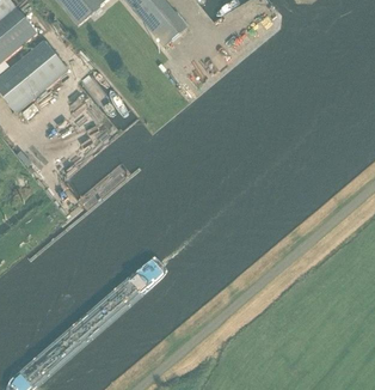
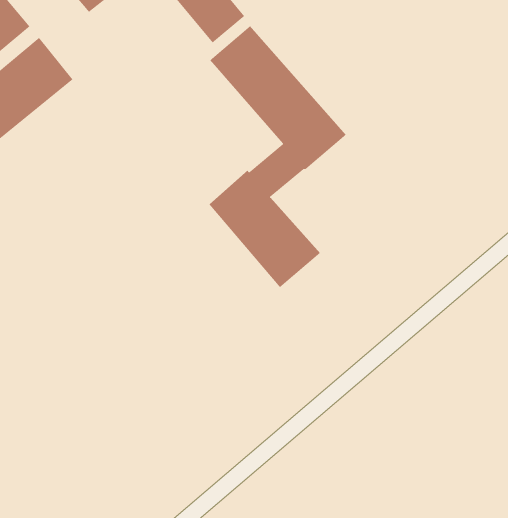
building: none -> [209,25,347,288]

